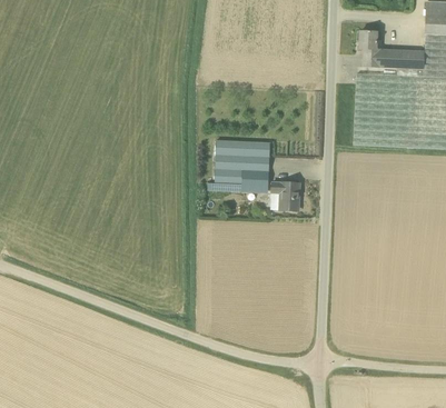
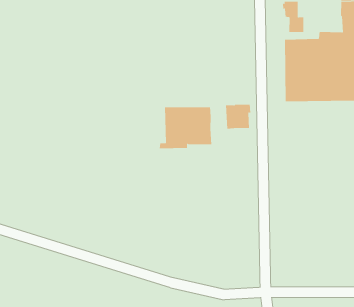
building: [381,47,425,67] -> none
building: [271,179,300,208] -> [225,104,251,129]

